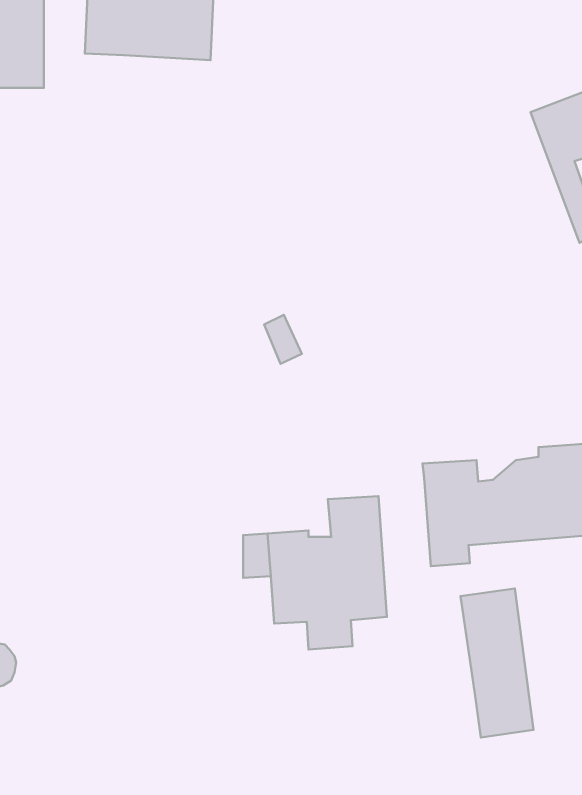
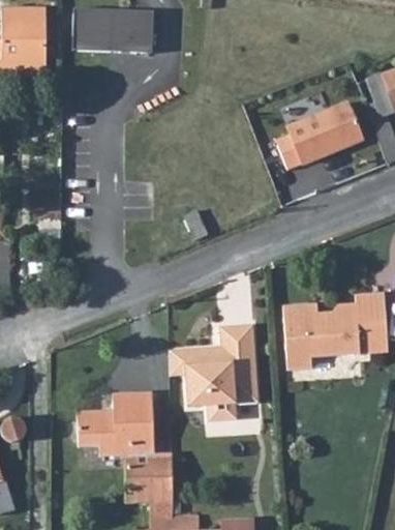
building: none -> [274,99,363,172]
building: [461,589,534,737] -> none
building: none -> [82,396,172,503]

